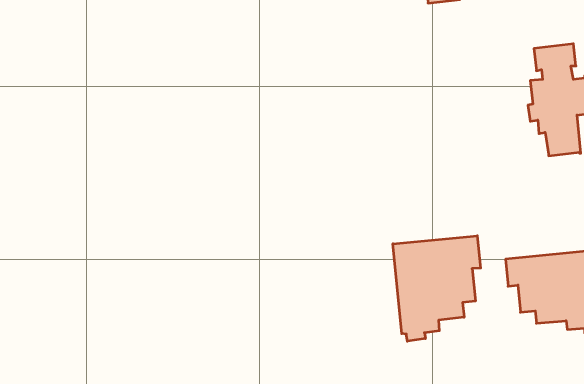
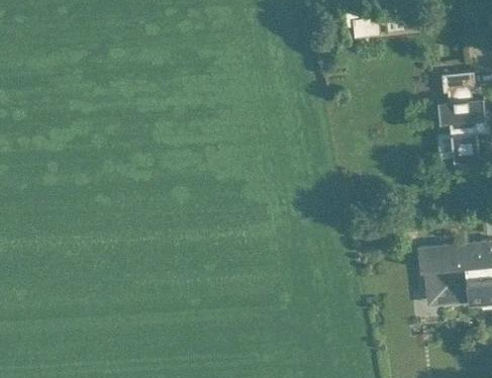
building: [393,236,481,341] -> none

